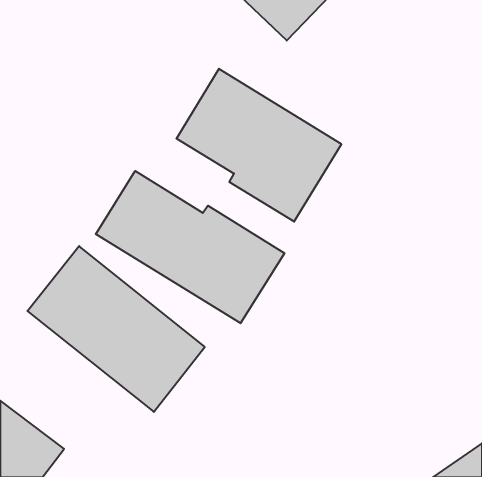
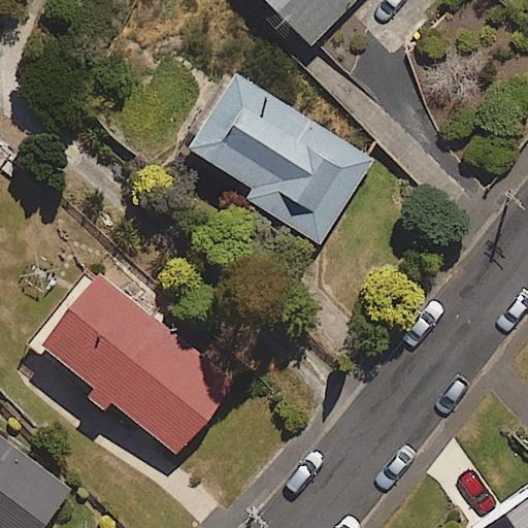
building: [96,171,284,323] -> none

